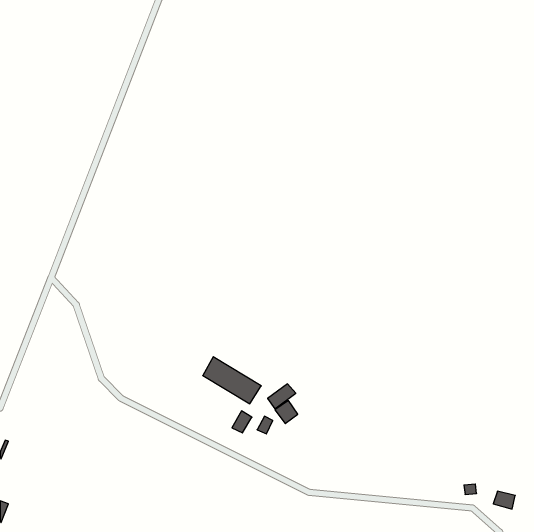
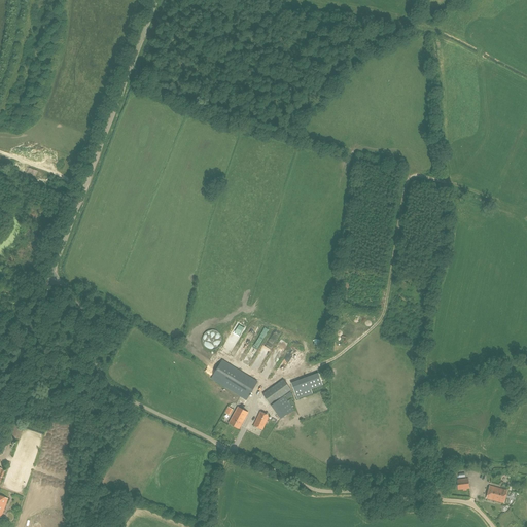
building: none -> [291,372,322,398]

